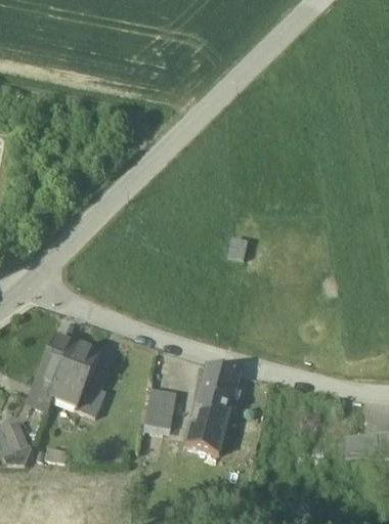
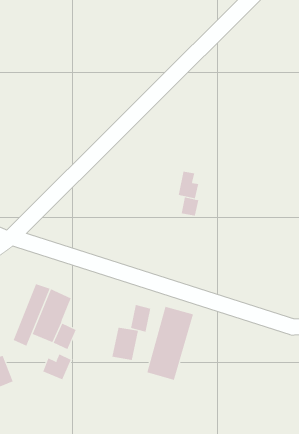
building: none -> [178,171,199,199]
building: none -> [130,304,151,332]
building: none -> [43,354,72,380]

